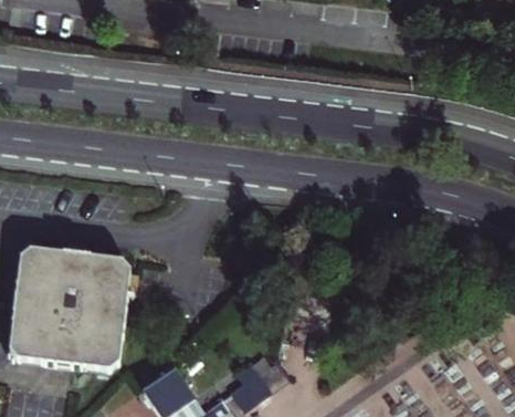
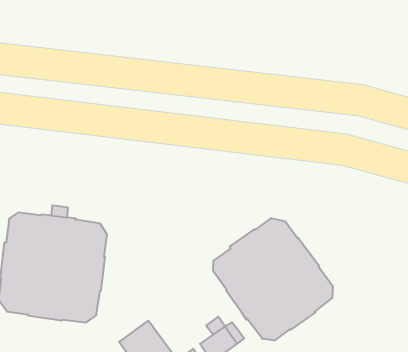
building: none -> [213,218,333,341]

